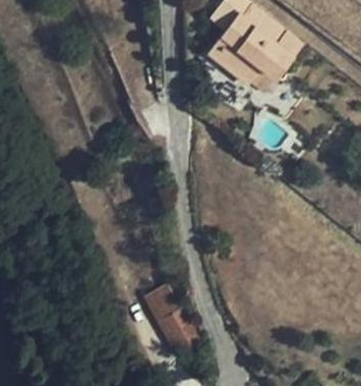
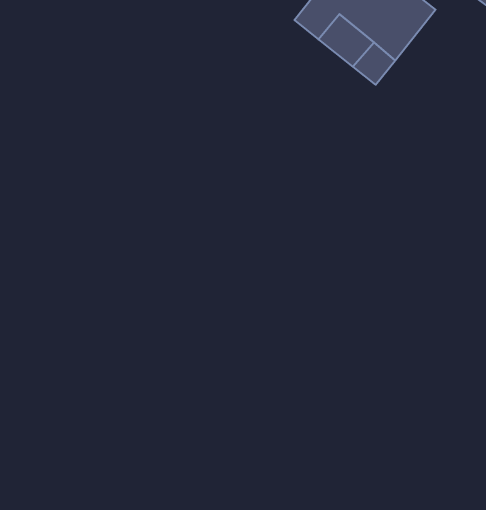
building: [144,283,199,352] -> none

